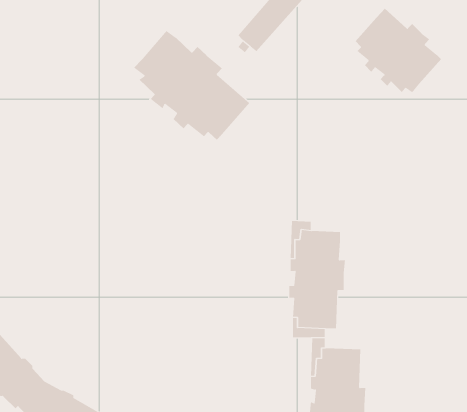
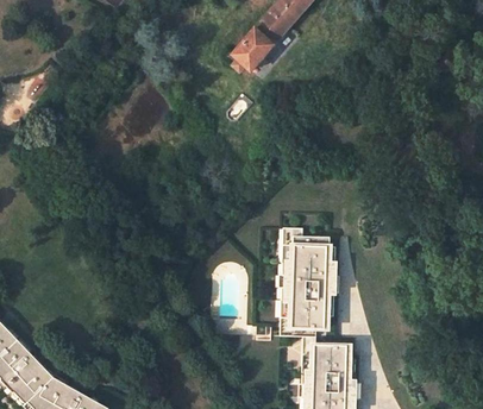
building: [355,8,442,93] -> none
building: [133,30,250,141] -> none

